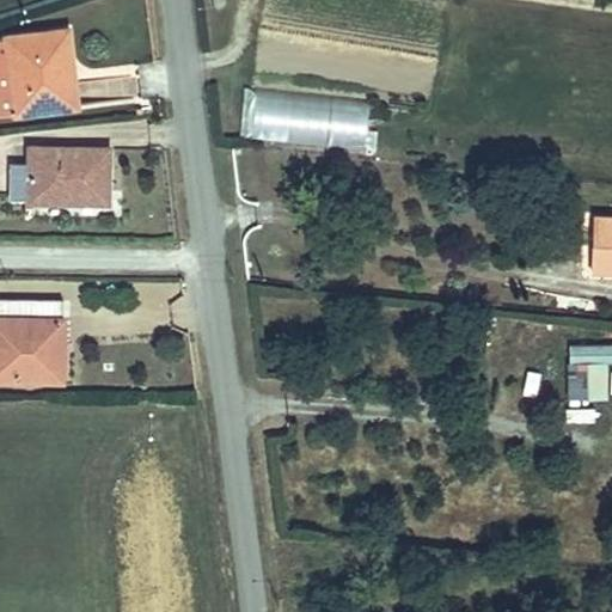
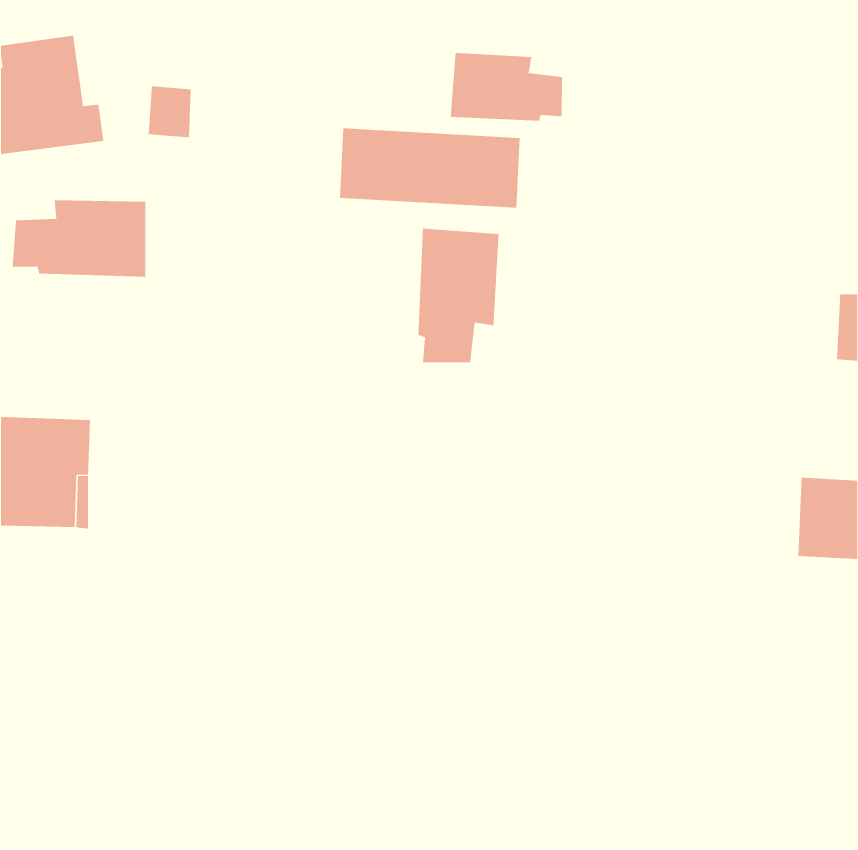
building: none -> [450,52,562,121]
building: none -> [418,228,499,363]

